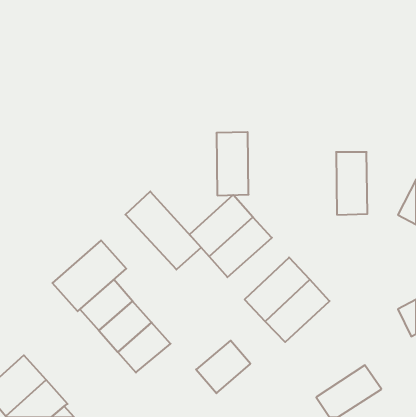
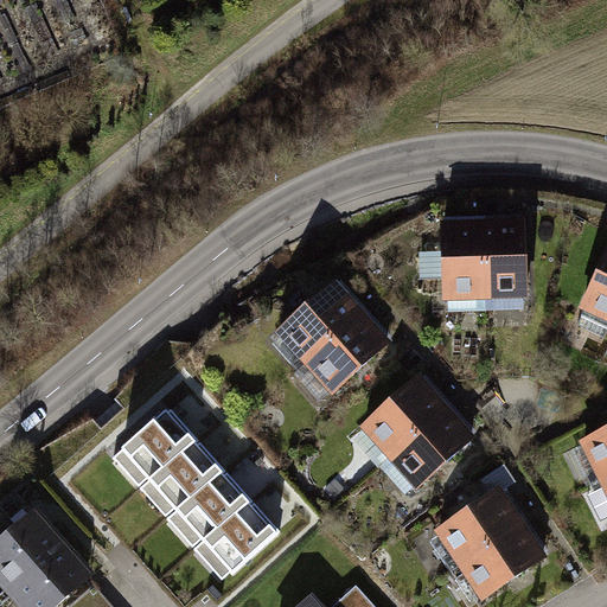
building: [216,132,249,195] -> [439,219,485,311]
building: [125,191,201,270] -> none
building: [52,240,126,311] -> none
building: none -> [430,490,525,573]
building: [196,341,250,393] -> [196,496,274,571]

